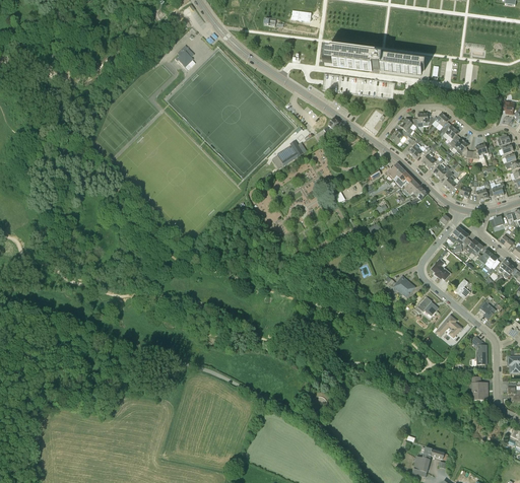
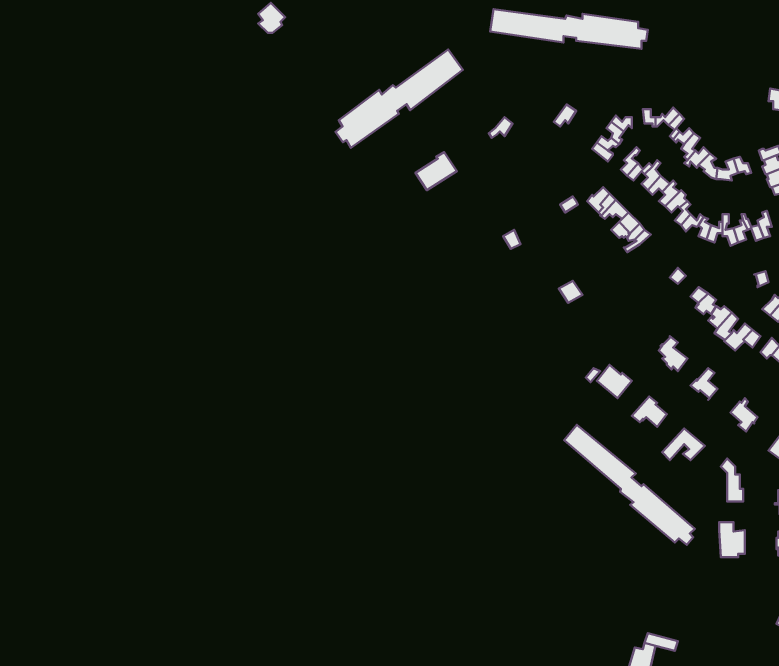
building: none -> [336,49,463,148]
building: none -> [564,425,695,545]

